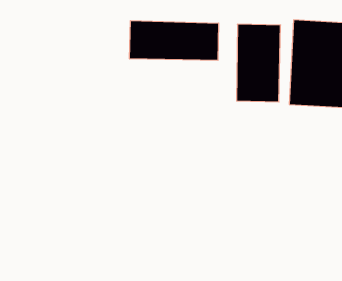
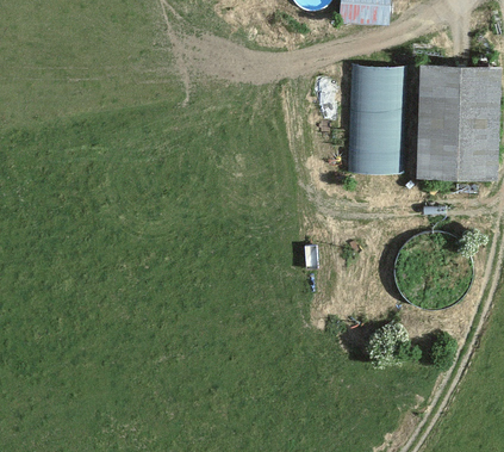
building: [130,21,219,60] -> none

